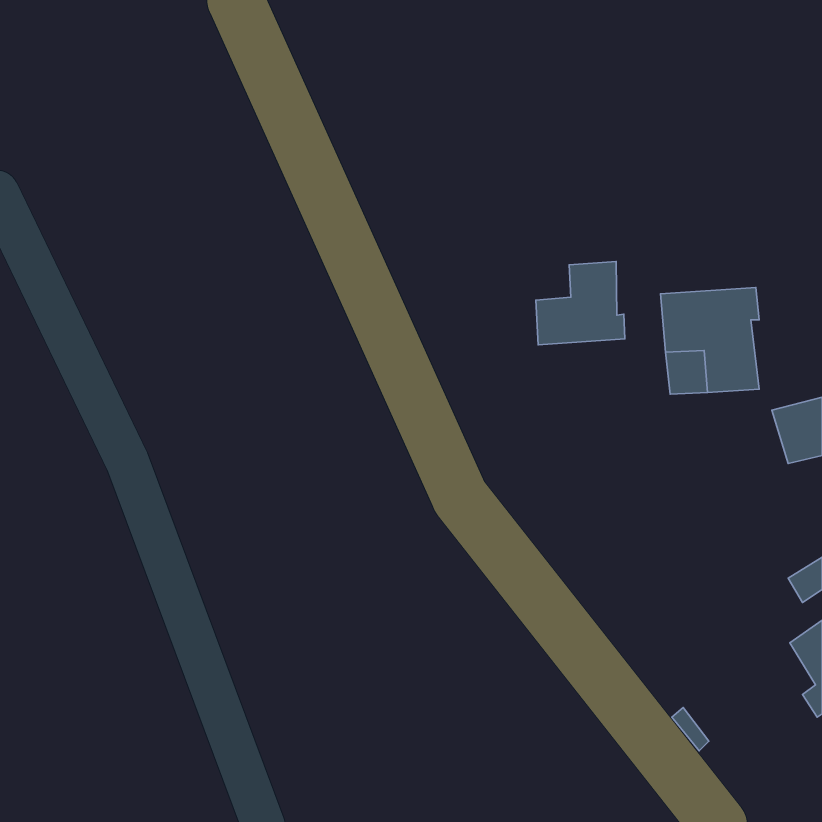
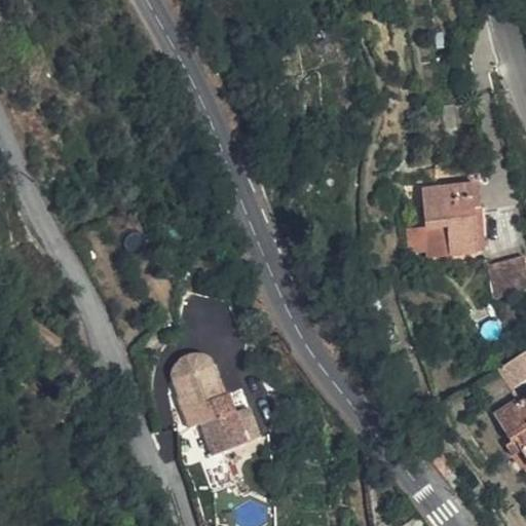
building: [536,262,625,345] -> none
building: none -> [180,352,241,452]

